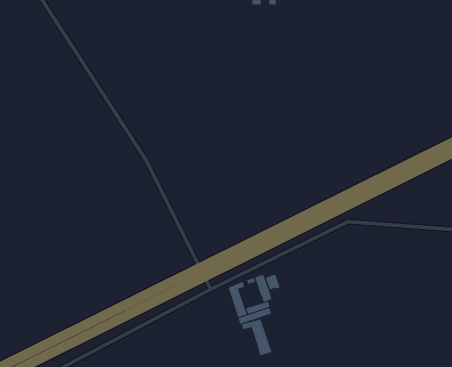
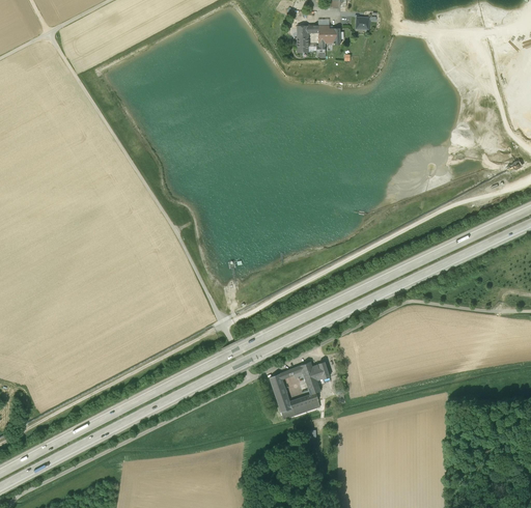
building: [241,319,272,356] -> none

